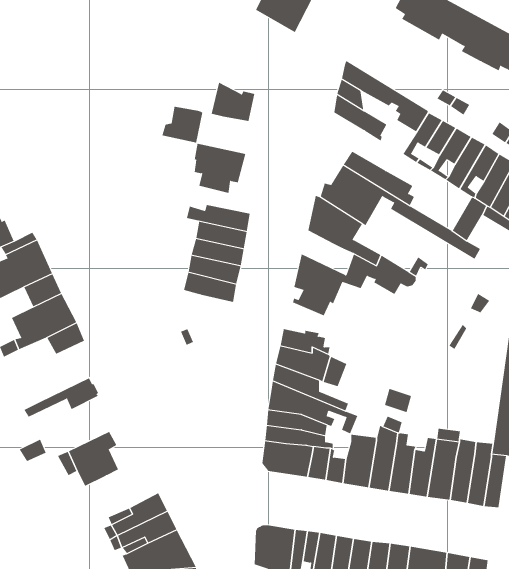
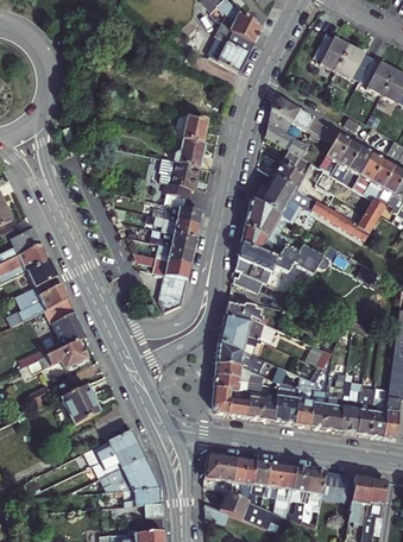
building: [162,106,203,143] -> [171,138,203,166]
building: none -> [281,149,315,179]
building: none -> [241,226,282,260]
building: none -> [158,276,189,314]
building: none -> [34,311,86,359]

